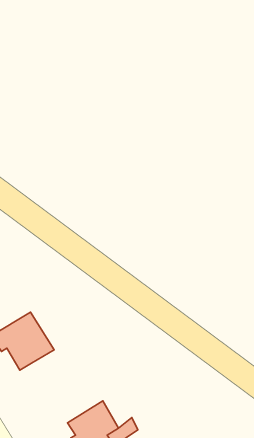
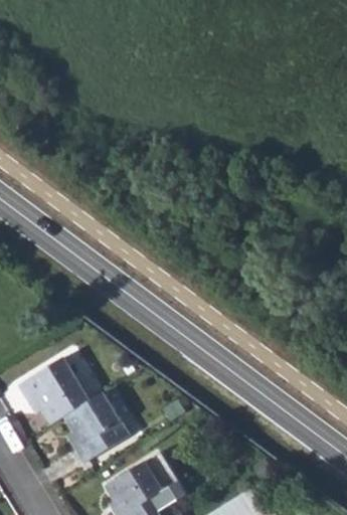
building: none -> [63,390,130,462]

